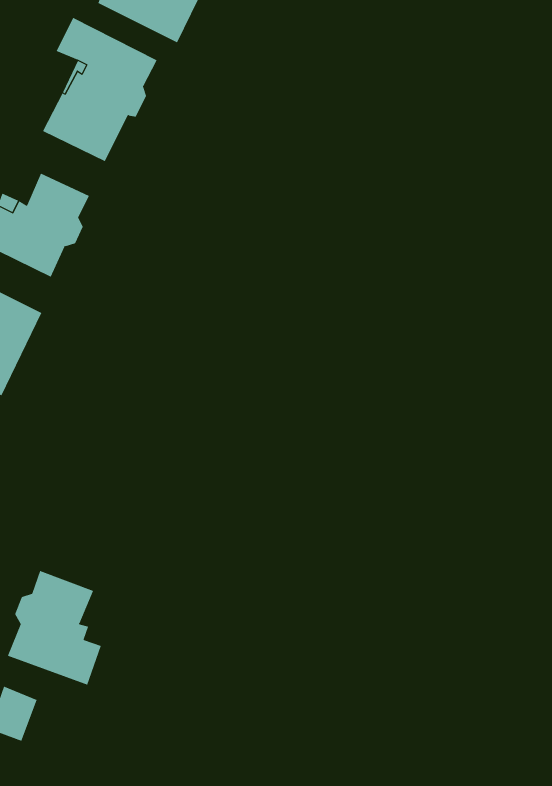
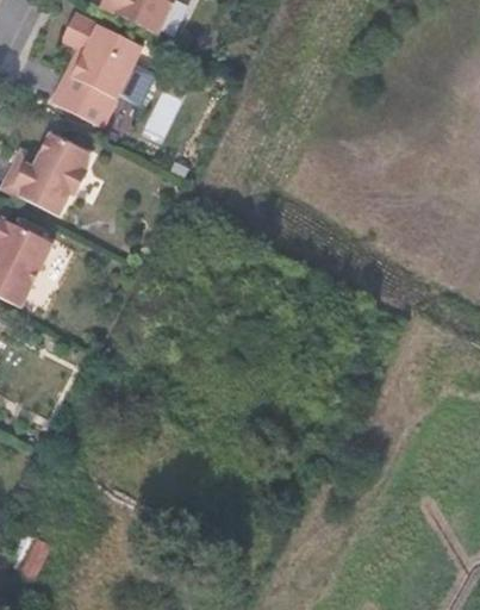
building: [7,570,102,685] -> none

